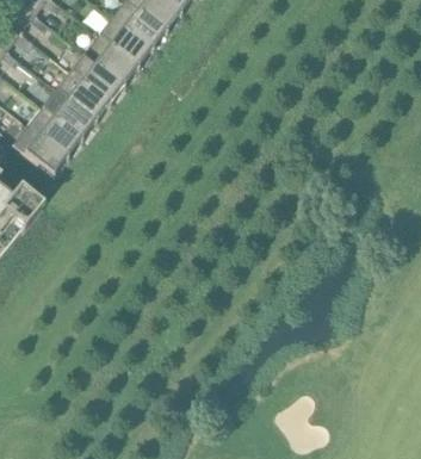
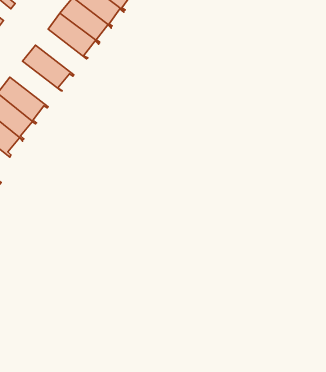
building: [79,36,136,87] -> none
building: [50,72,107,123] -> none

